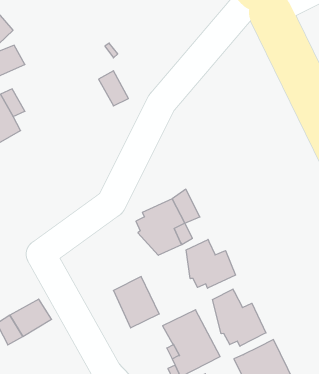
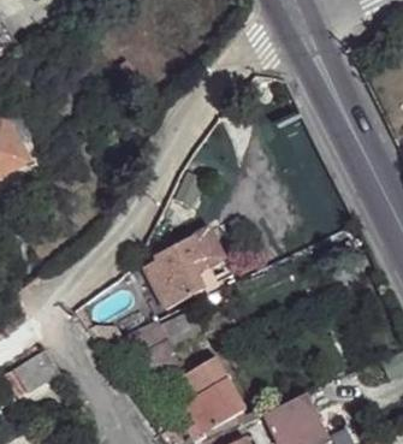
building: [186,239,236,288] -> none
building: [213,289,266,346] -> none

